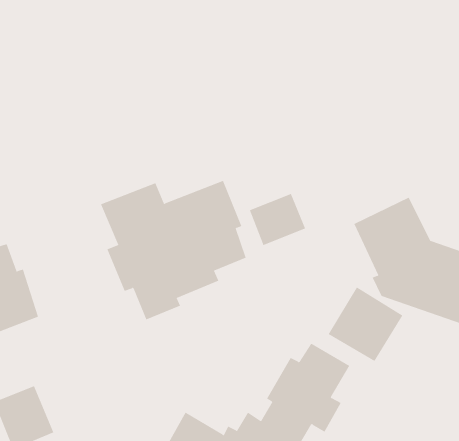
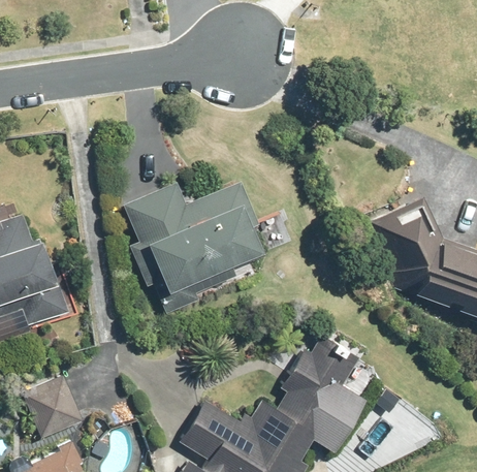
building: [249,193,306,246] -> none
building: [328,287,403,362] -> none

